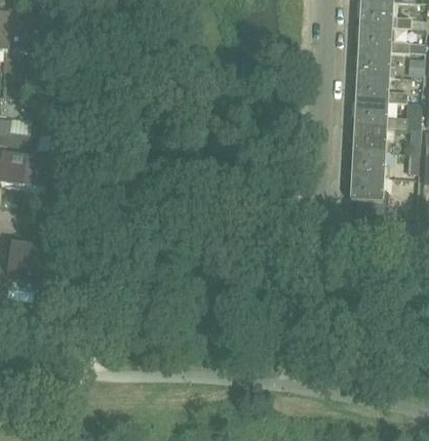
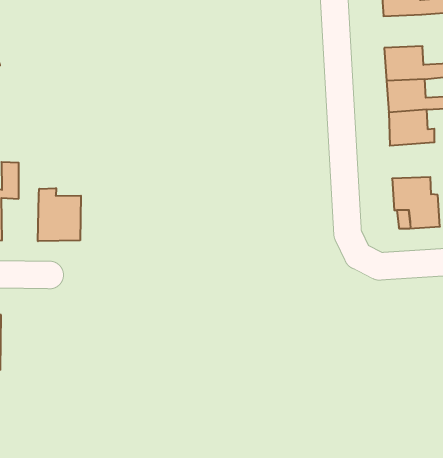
building: [356,48,392,75] -> none
building: [351,149,386,176] -> none
building: none -> [38,188,81,241]

